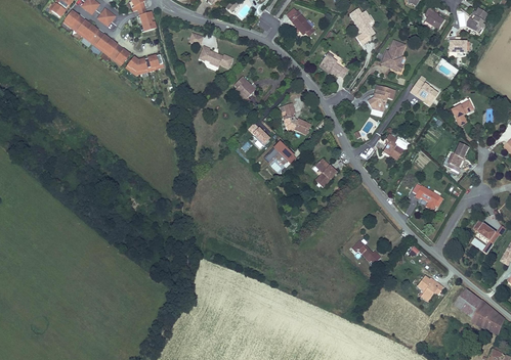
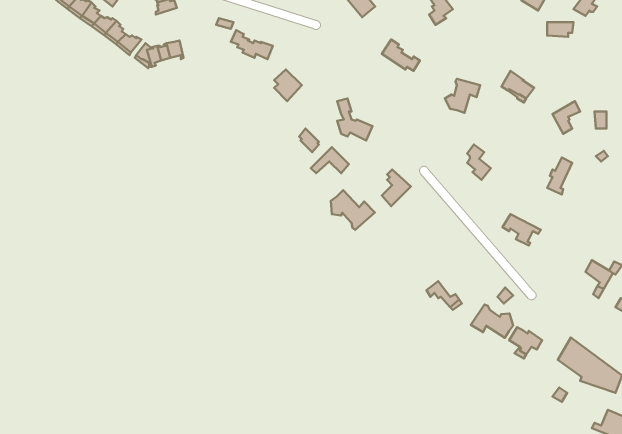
building: [381,38,403,68] -> none
building: none -> [331,190,375,230]
building: none -> [471,304,513,338]

